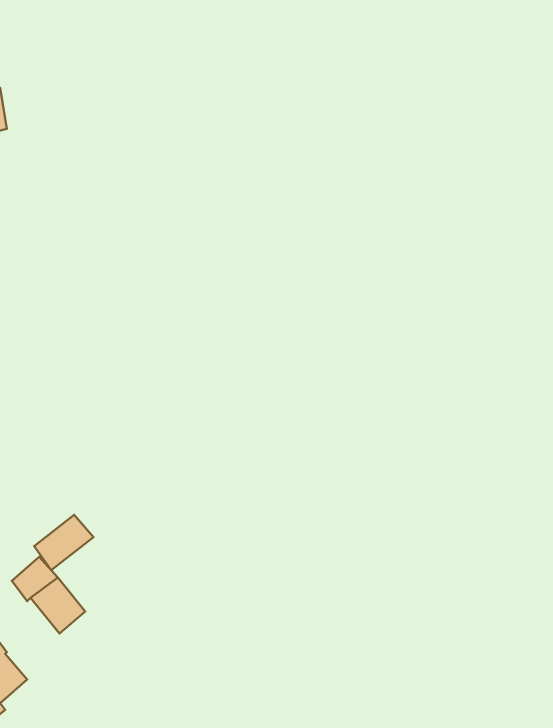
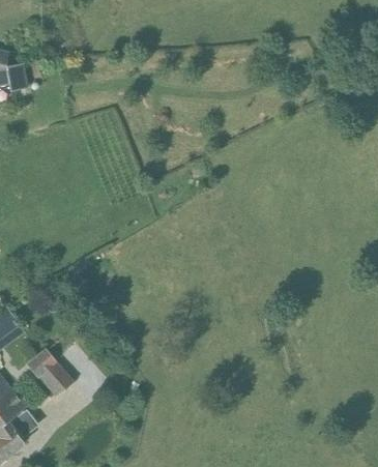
building: [34,515,94,570] -> none

